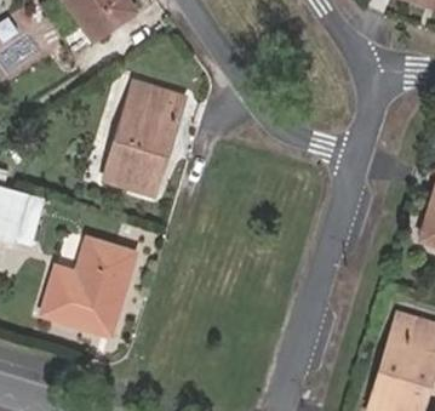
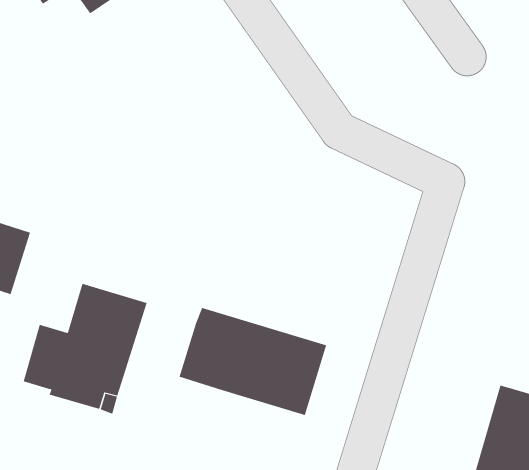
building: [104,82,182,194] -> none
building: none -> [179,307,327,416]

